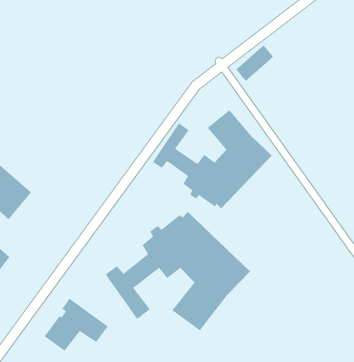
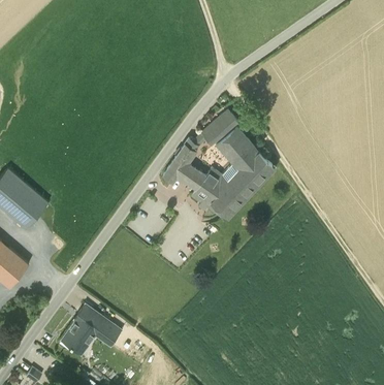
building: [236,44,274,82] -> [200,109,236,145]
building: [105,211,251,331] -> none

